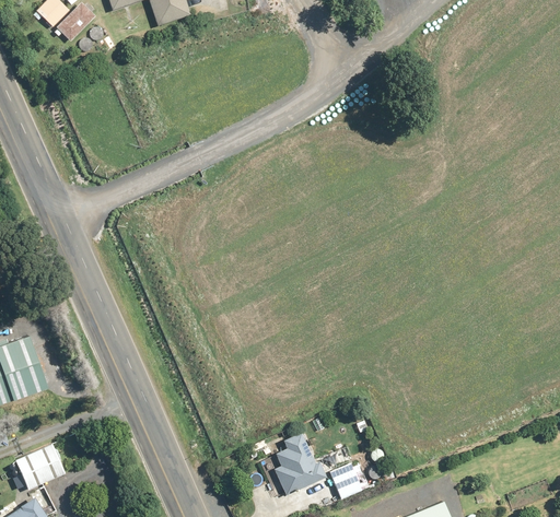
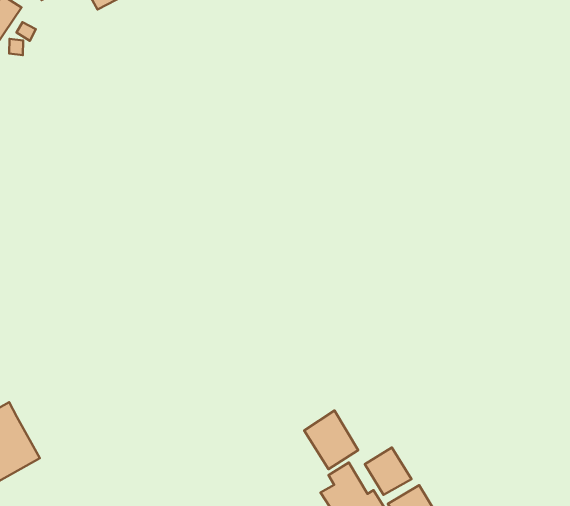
building: none -> [304,410,358,469]
building: none -> [365,448,412,495]

